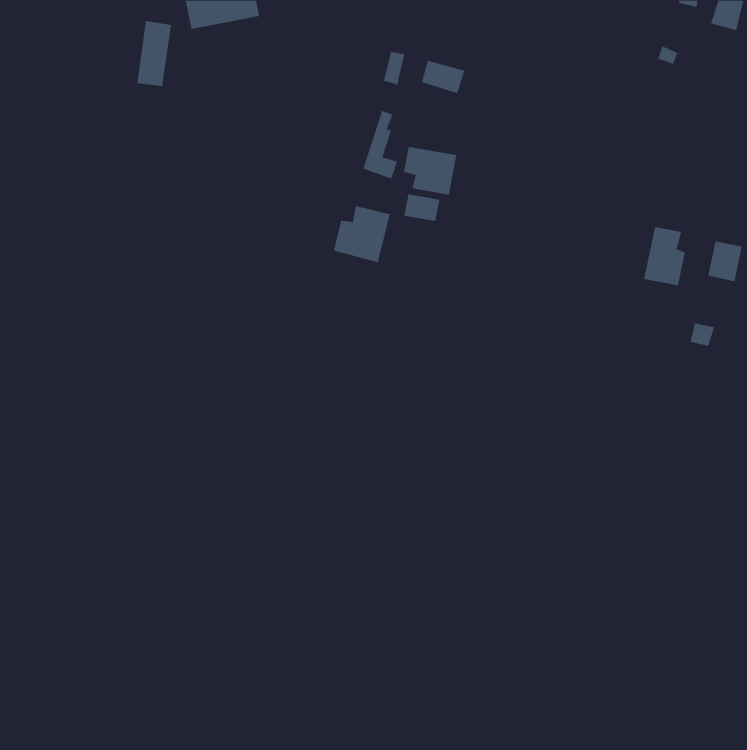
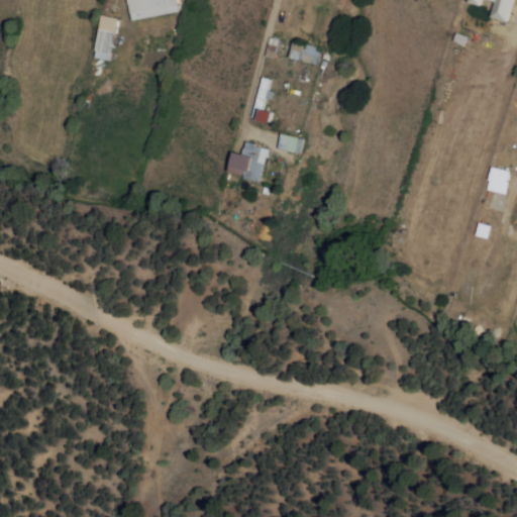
building: [403,146,457,195] -> none
building: [643,226,685,286] -> none

